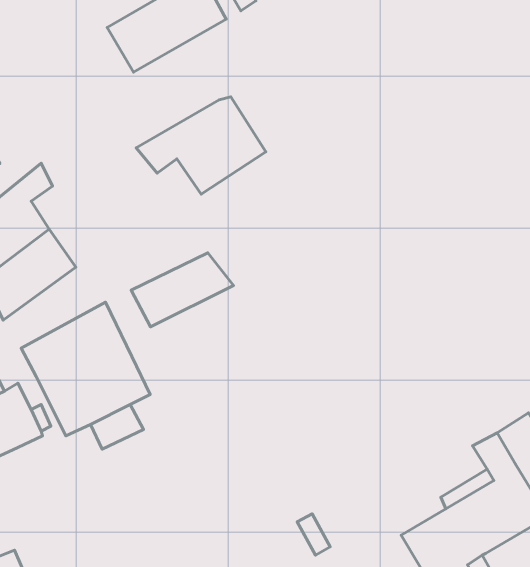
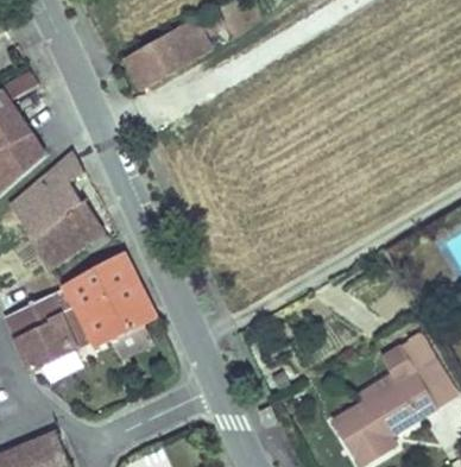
building: [136,97,266,194] -> none
building: [131,253,233,327] -> none

